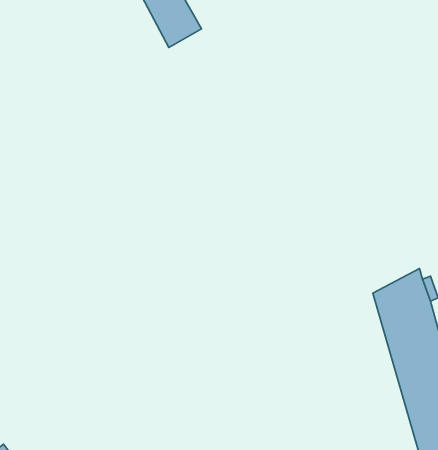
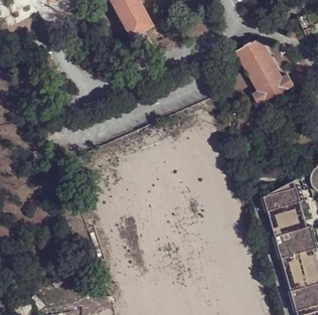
building: none -> [234,36,292,104]

